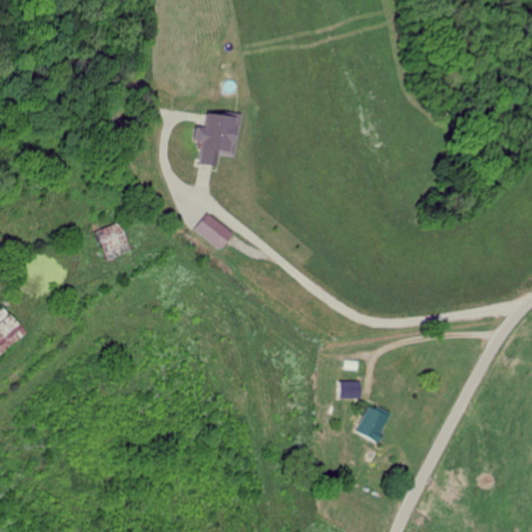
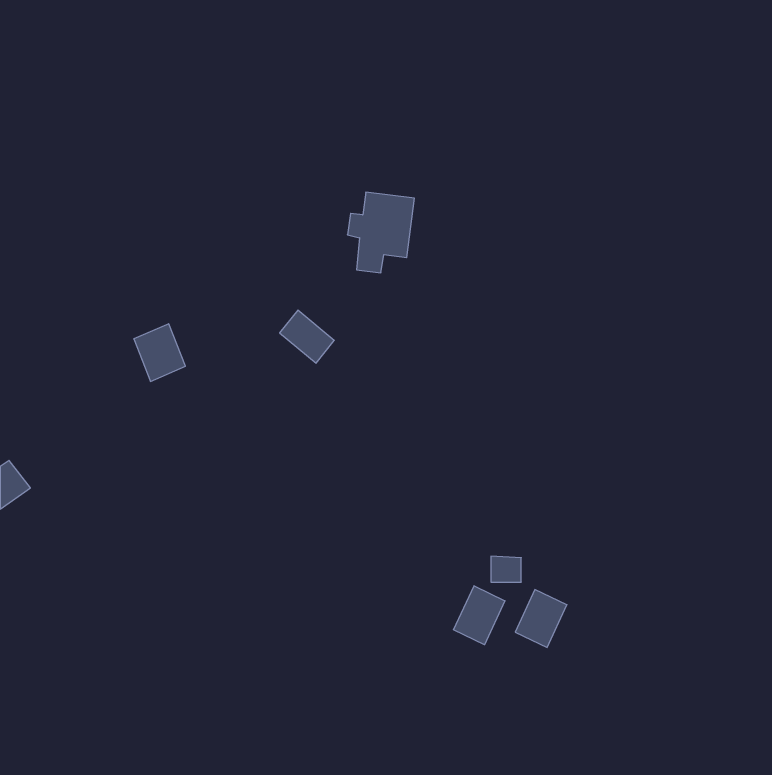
building: [192,111,238,166] -> [347,192,414,273]
building: none -> [454,586,505,645]

